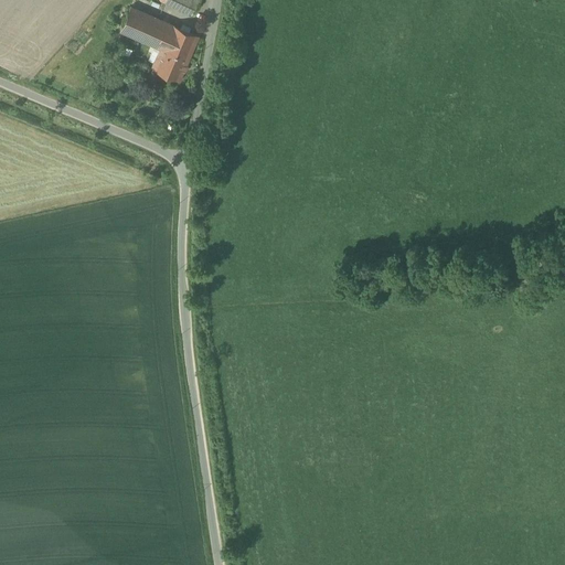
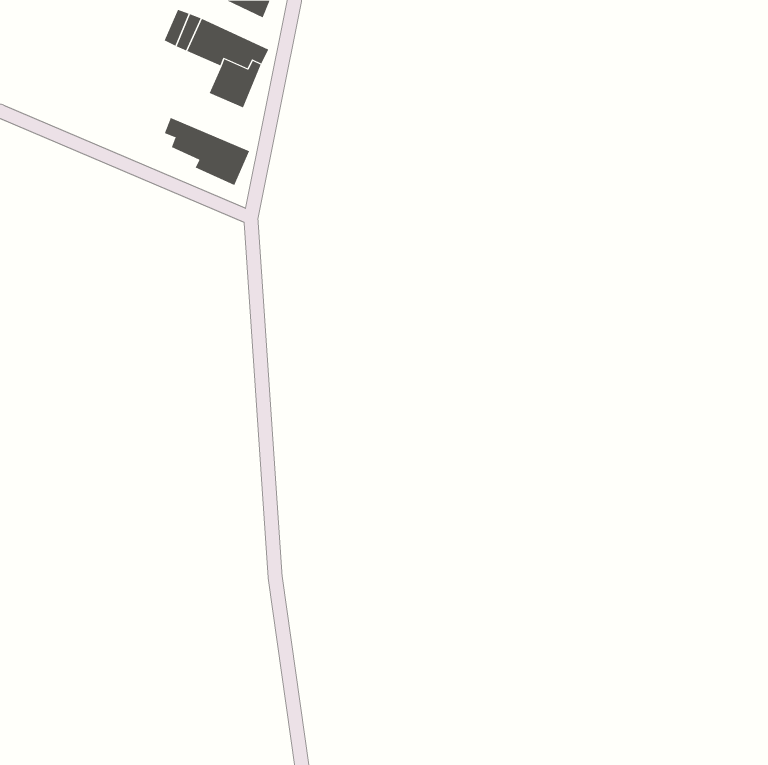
building: none -> [164,117,250,186]

